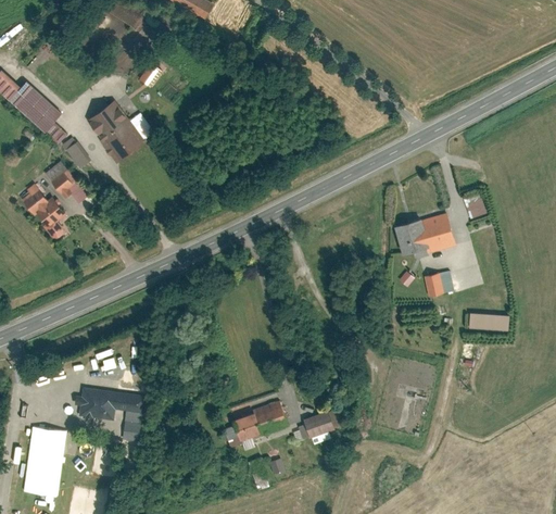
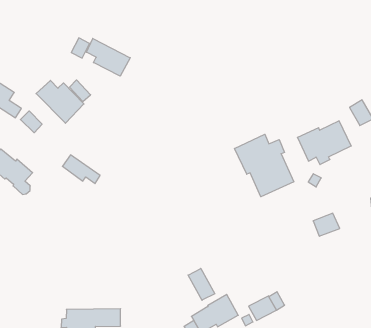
building: none -> [86,38,130,76]
building: [43,164,87,203] -> [62,155,100,184]
building: none -> [235,134,294,197]
building: [425,271,455,296] -> [313,213,340,236]
building: none -> [188,268,215,300]

